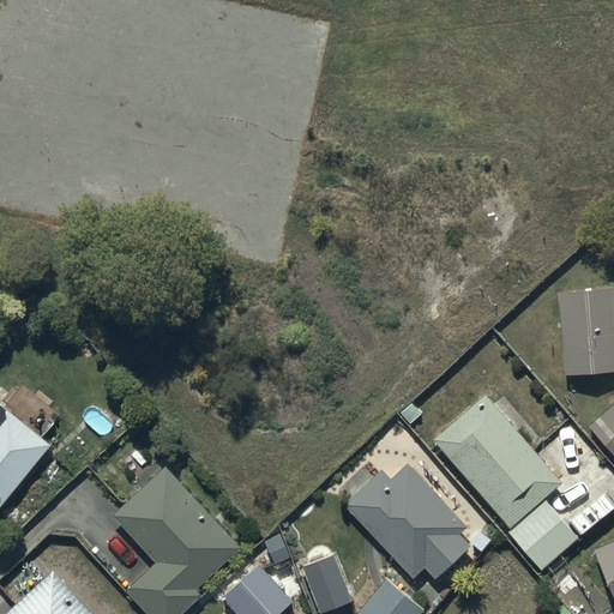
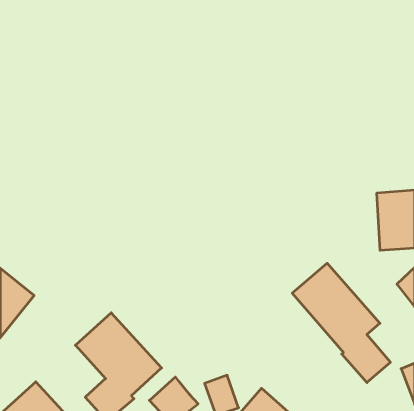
building: [343,465,471,580] -> none

